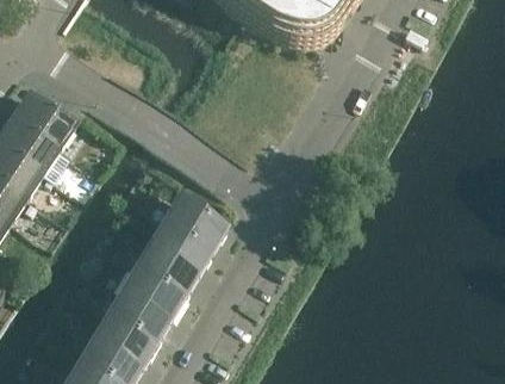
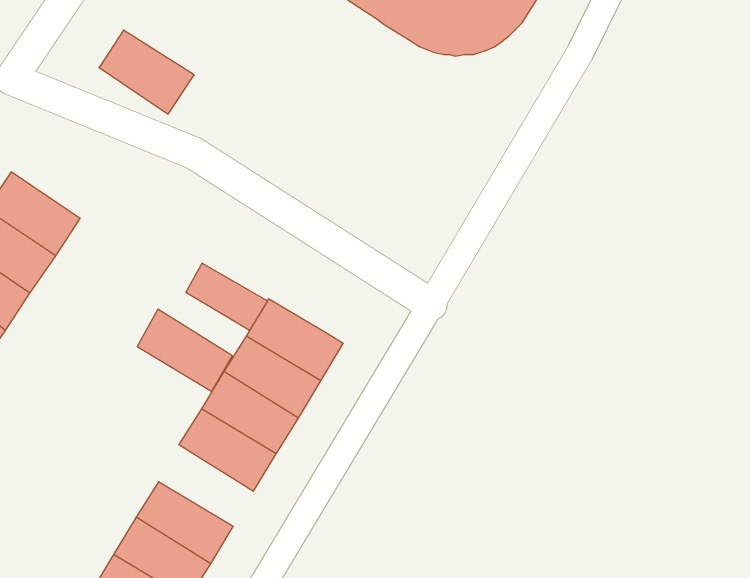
building: [14,87,75,141] -> [99,30,194,114]
building: none -> [186,263,267,331]
building: [108,285,169,337] -> [137,309,232,391]

